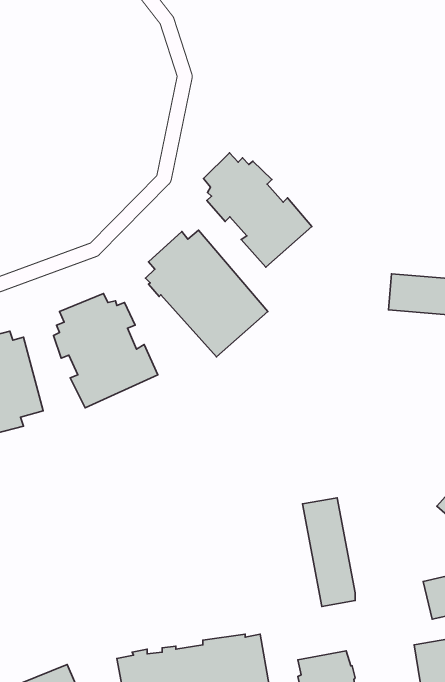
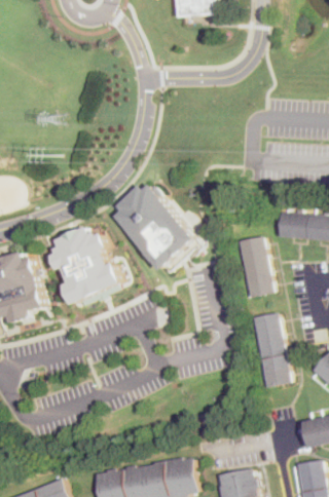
building: [203,153,312,267] -> none
building: none -> [239,237,273,298]
building: [302,498,355,606] -> [253,313,289,387]

